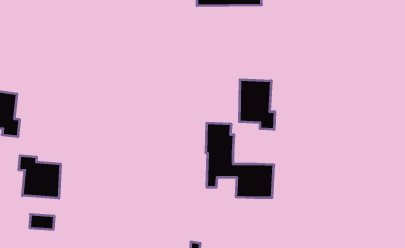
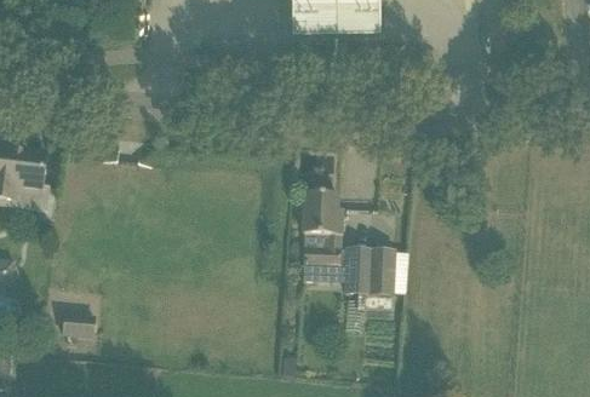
building: [239,80,275,130] -> none
building: [19,156,60,198] -> none

